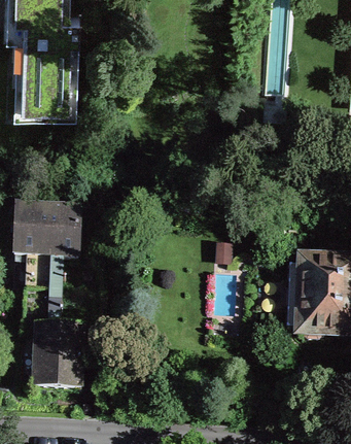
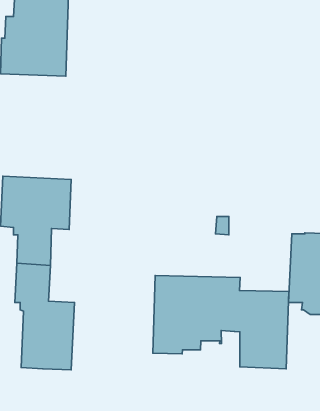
building: none -> [153,275,289,369]

